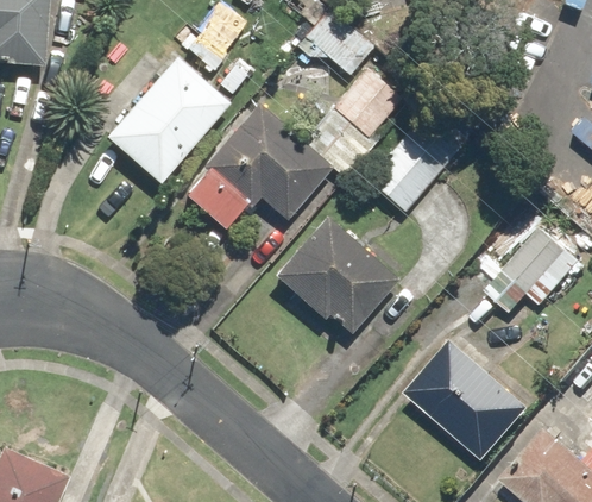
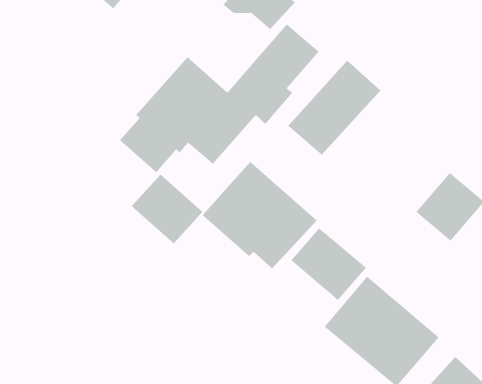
building: [107,57,247,184] -> none
building: none -> [131,174,203,244]
building: none -> [290,227,367,301]

